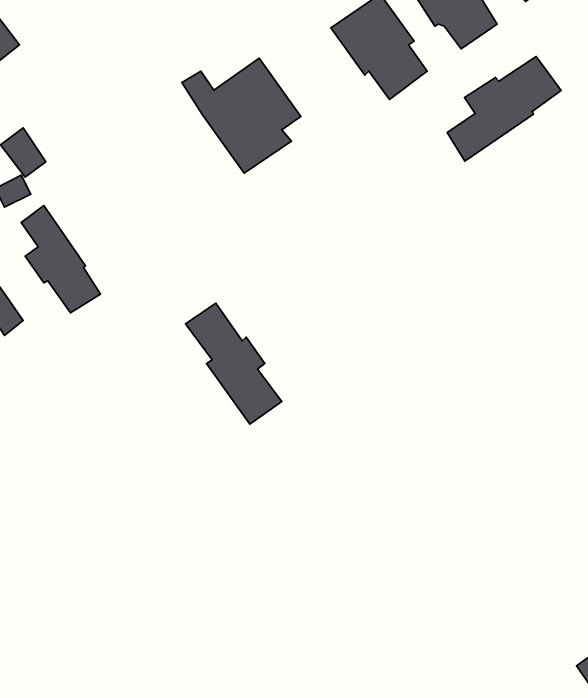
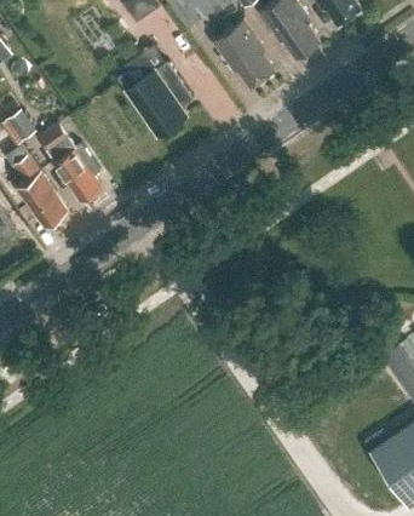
building: [447,57,561,161] -> none
building: [186,303,282,424] -> [40,125,102,202]

